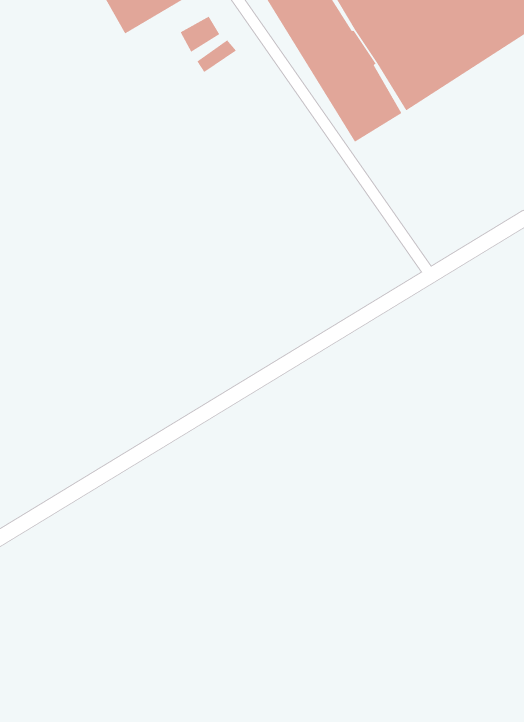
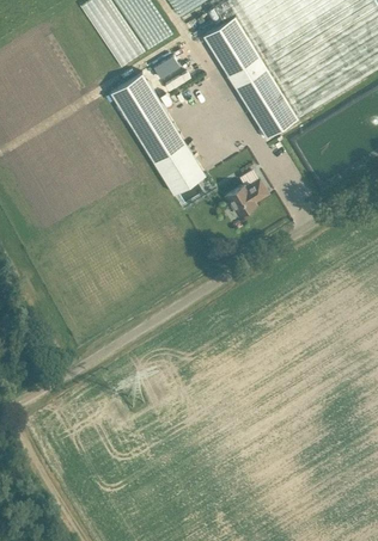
building: none -> [111,74,206,196]
building: none -> [226,180,268,216]

